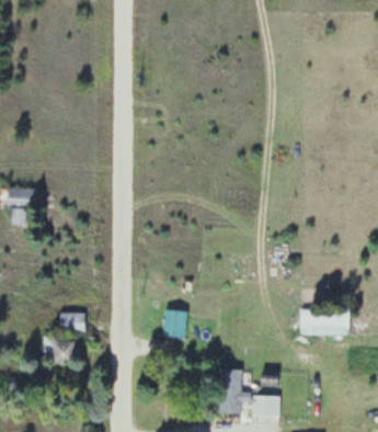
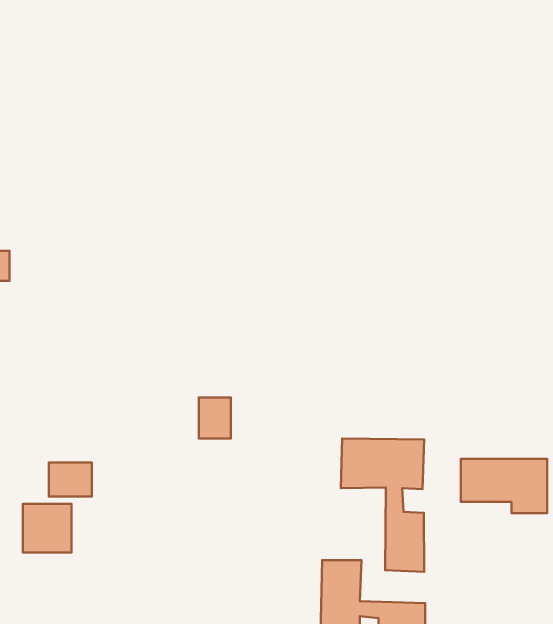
building: none -> [341,439,424,572]
building: [164,311,183,336] -> [199,397,231,439]

